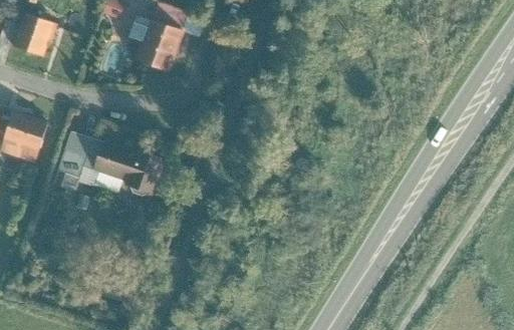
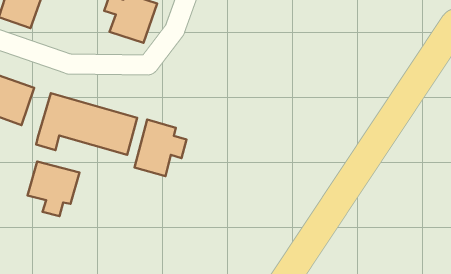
building: none -> [134,120,187,176]
building: none -> [27,161,79,216]

